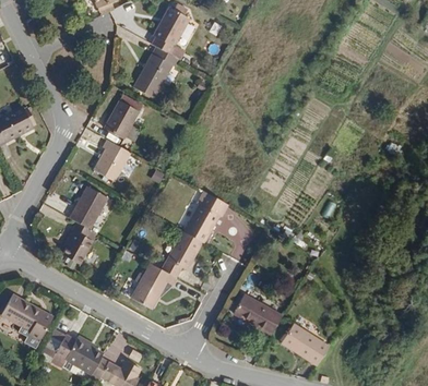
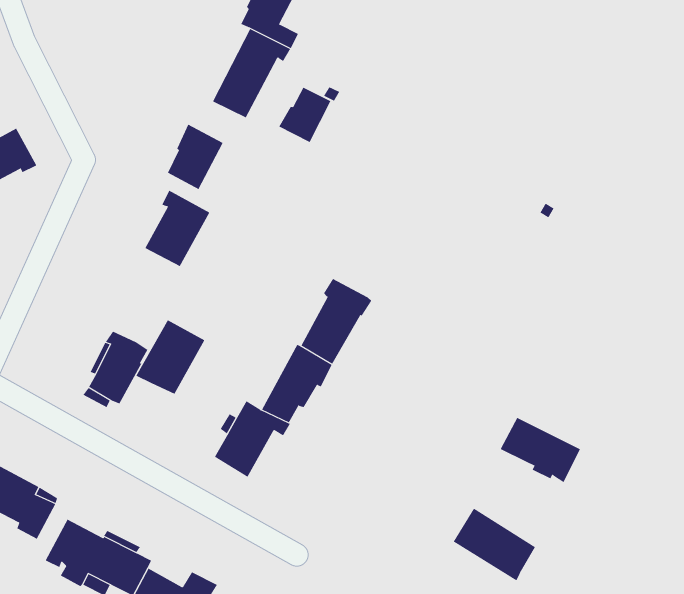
building: none -> [279,87,331,143]
building: [70,184,110,228] -> [135,319,205,395]
building: [228,299,275,337] -> [500,417,581,483]

